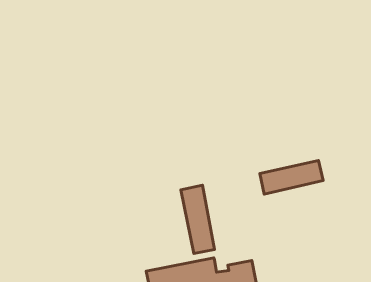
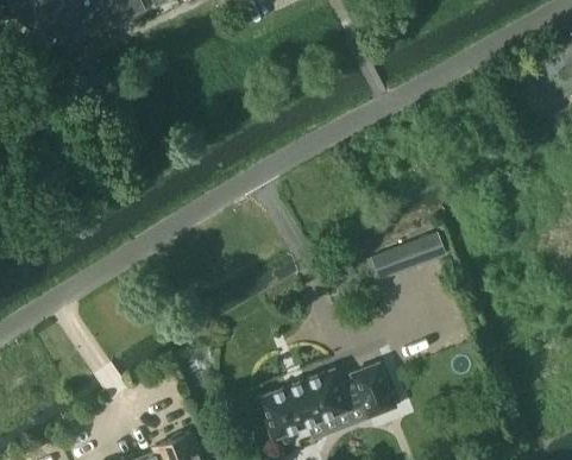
building: [181,185,215,253] -> none

